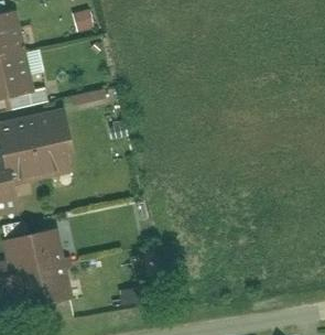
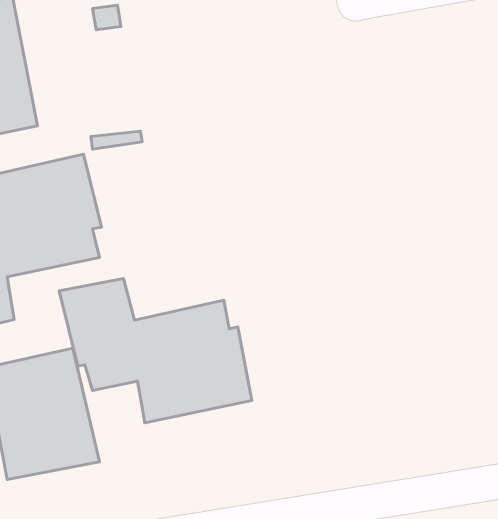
building: none -> [59,278,252,423]

